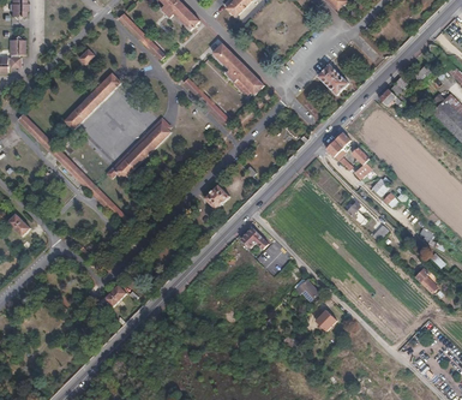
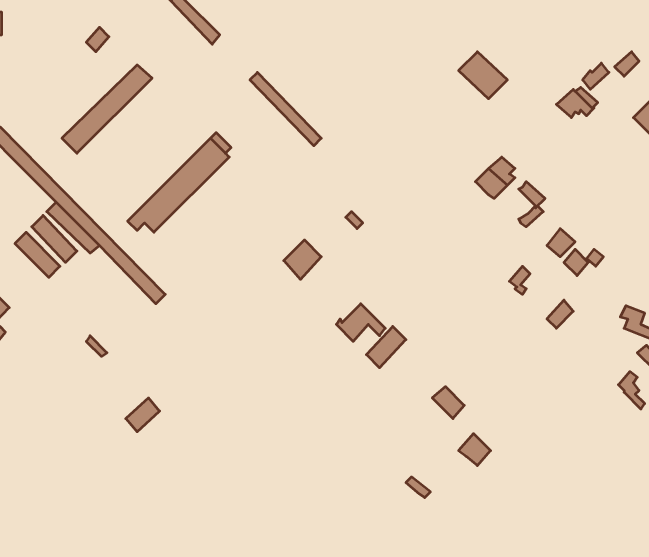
building: [212,43,264,96] -> none

